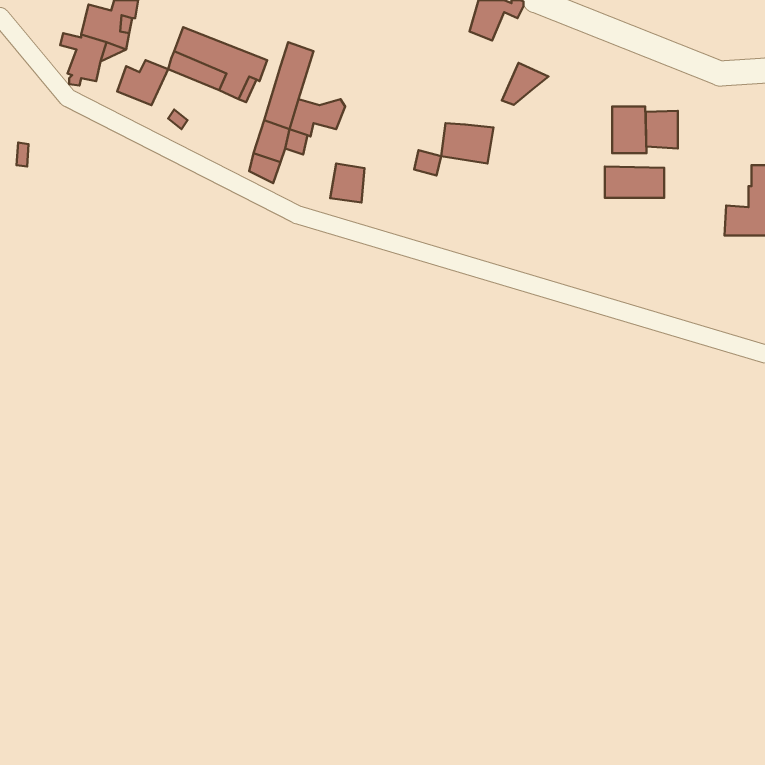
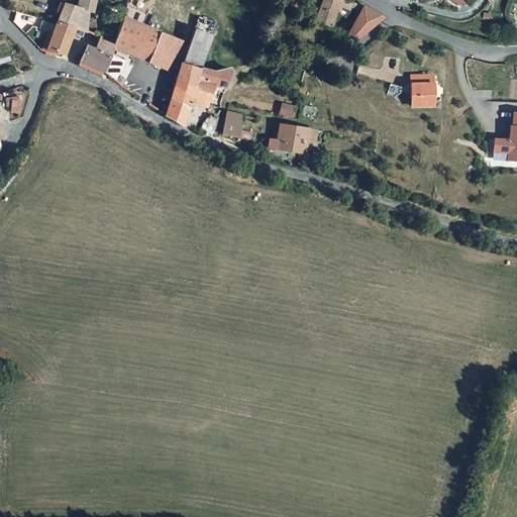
building: [502,63,548,105] -> [351,11,383,39]
building: [646,111,678,149] -> none
building: [441,123,494,164] -> [275,125,310,152]
building: [605,167,664,198] -> none

